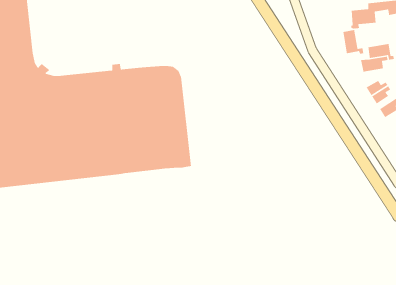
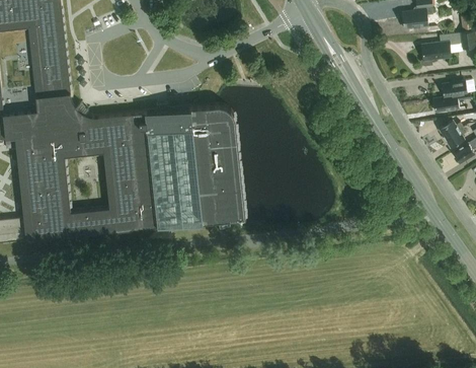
building: [342,29,364,55] -> none

